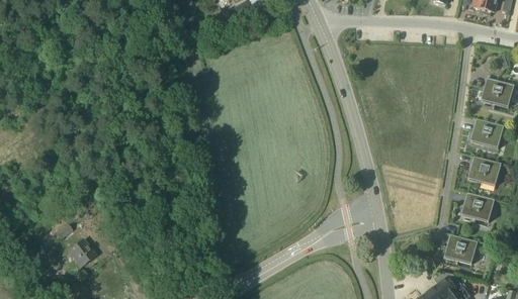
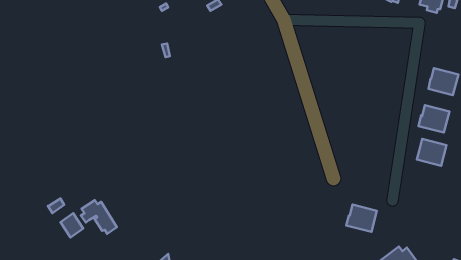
building: [459,193,494,223] -> none
building: none -> [81,200,117,234]
building: [442,234,477,265] -> [346,205,377,232]

